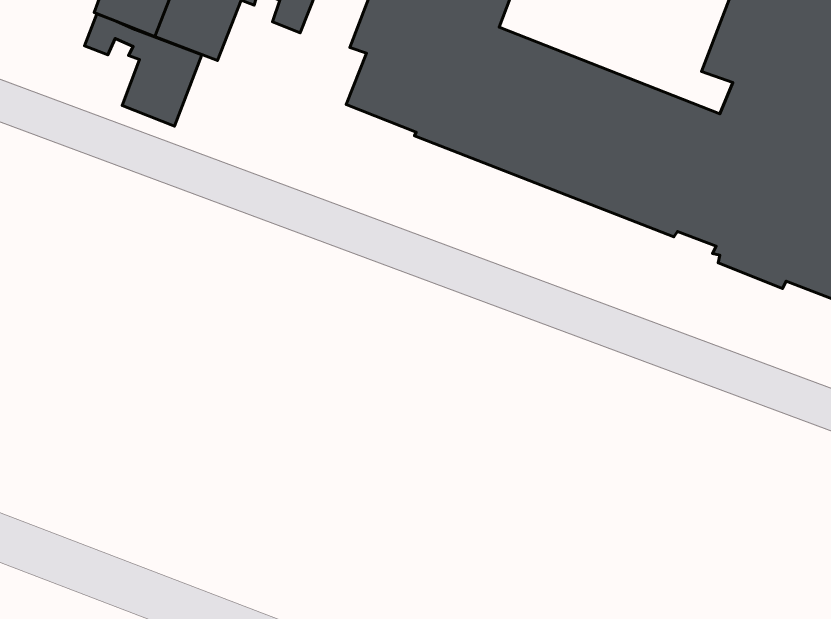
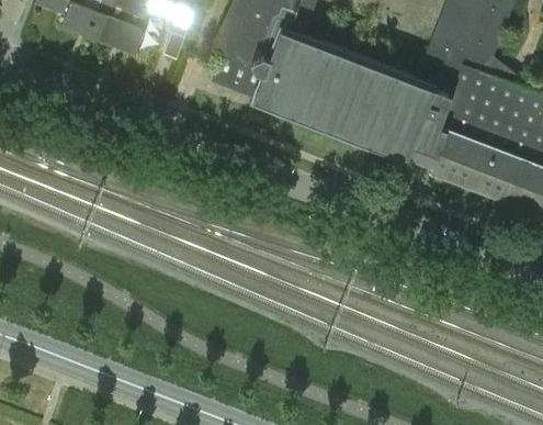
building: [84,14,202,126] -> none

